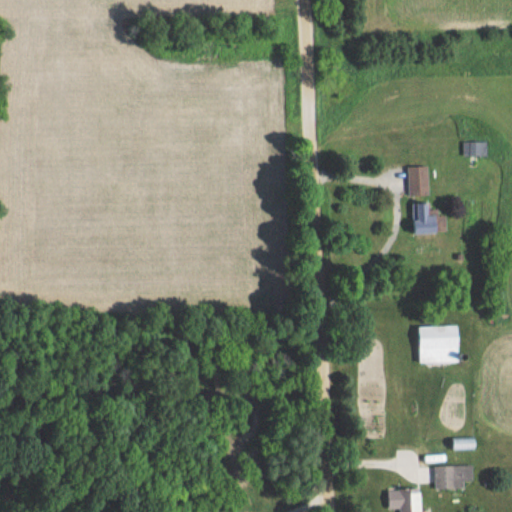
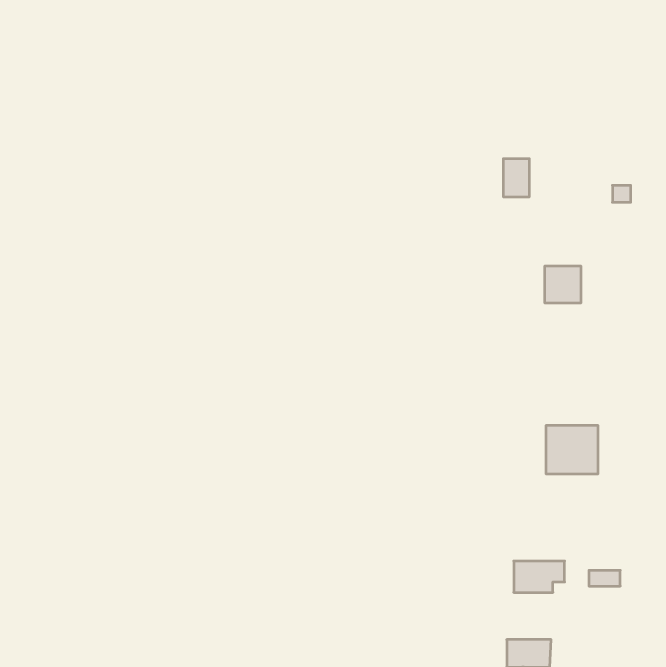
building: [408,166,428,195] -> [503,159,529,197]
building: [433,465,472,489] -> [514,561,565,592]

